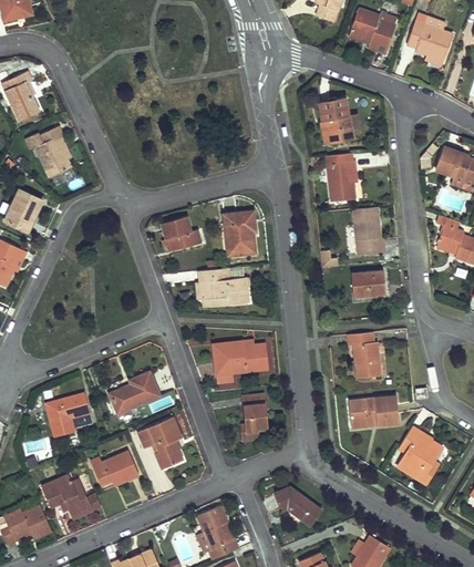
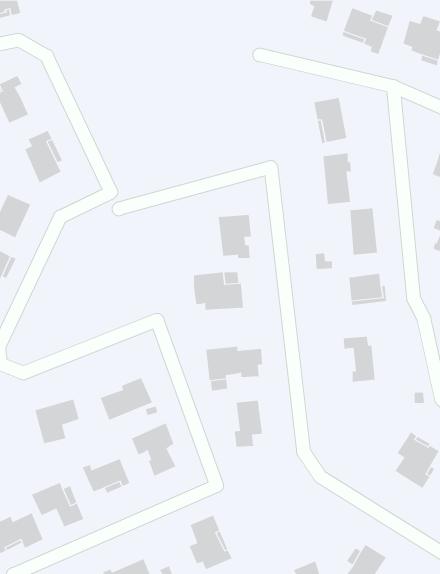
building: [163,217,204,251] -> none
building: [350,394,399,423] -> none
building: [275,486,322,526] -> none

